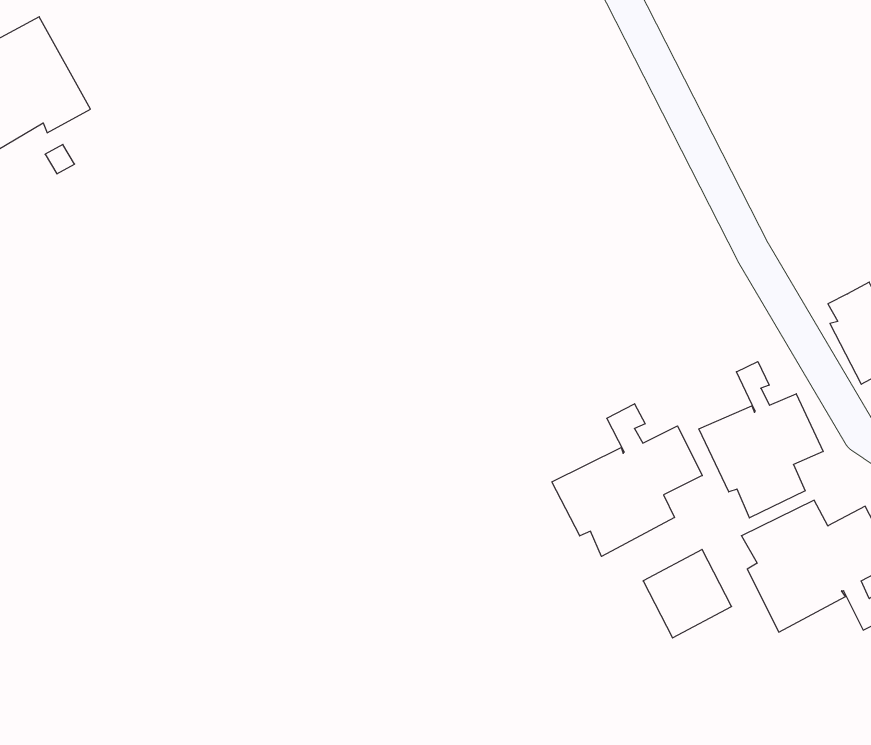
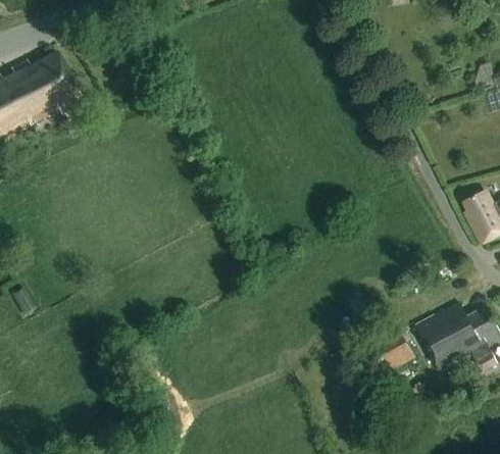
building: [699,362,823,518] -> none
building: [552,404,702,556] -> none

